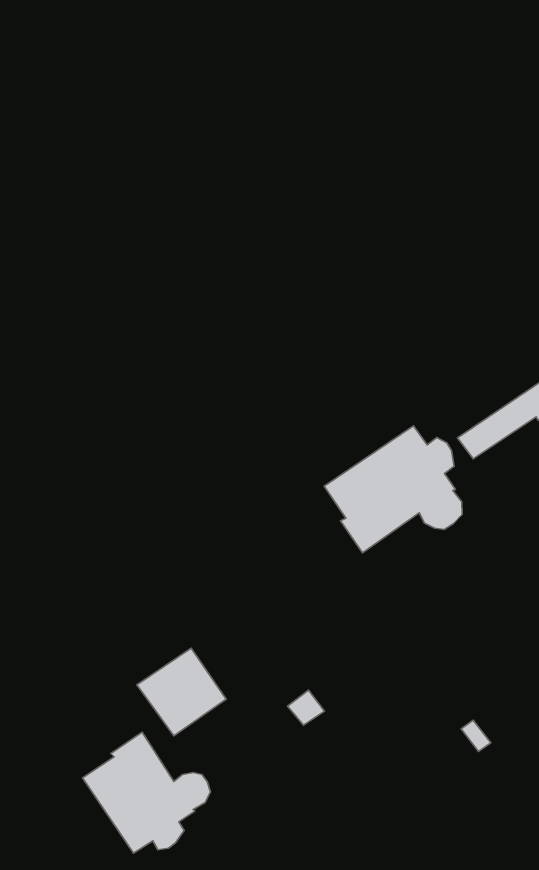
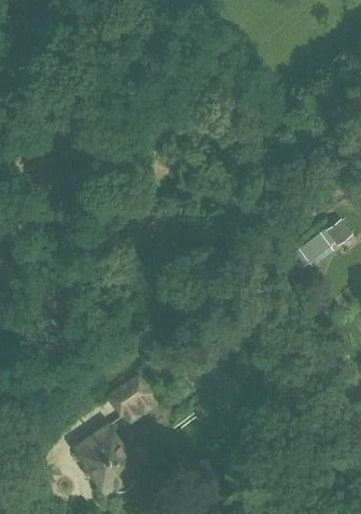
building: [324,426,462,553] -> none

